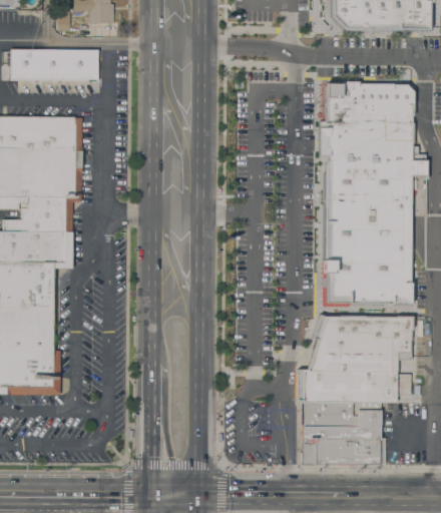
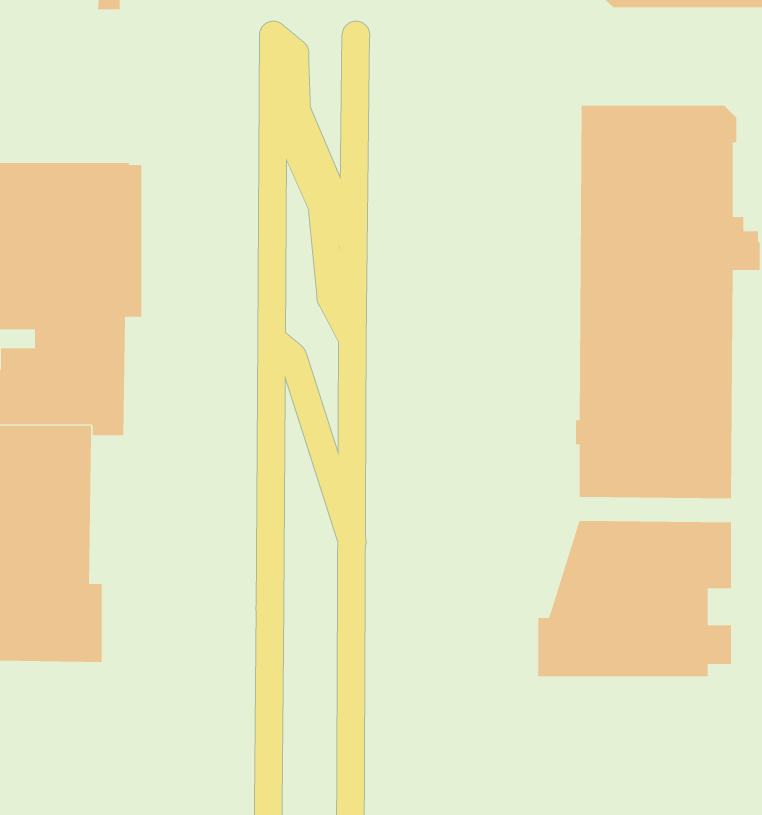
building: [10,48,97,80] -> none
building: [302,402,381,464] -> none

